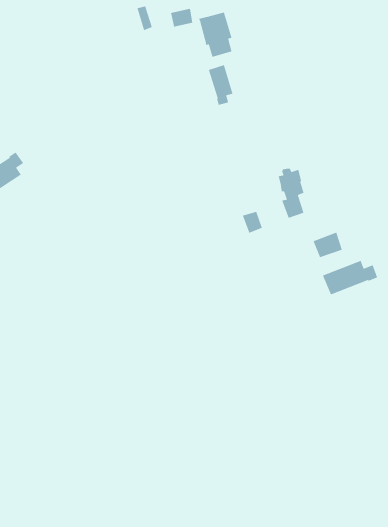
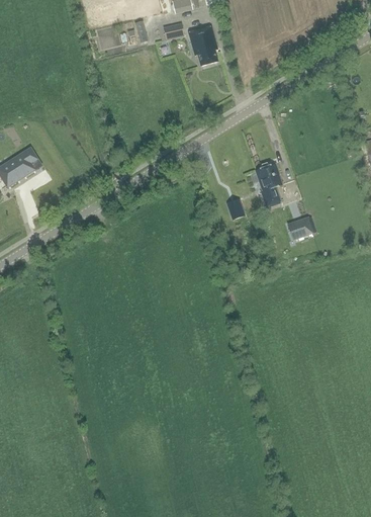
building: [208,64,234,106] -> none
building: [322,260,378,296] -> none

